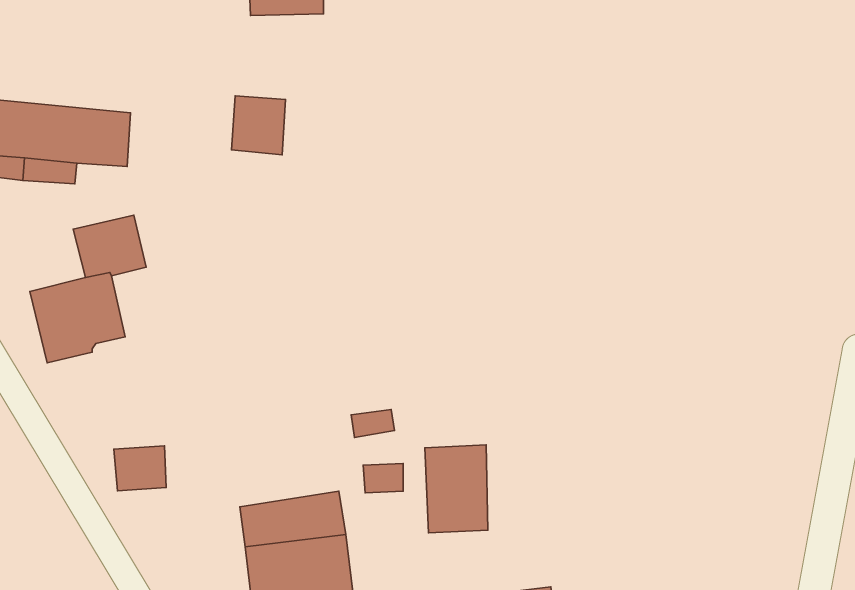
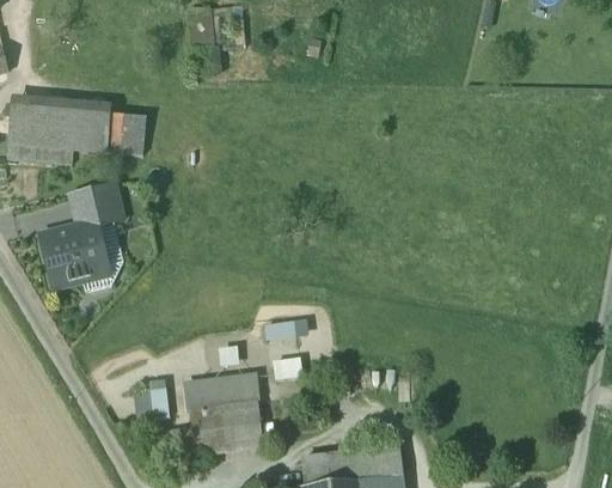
building: [232,96,285,155] -> [108,116,145,157]
building: [425,445,488,533] -> none
building: [114,446,166,491] -> [130,388,166,419]

